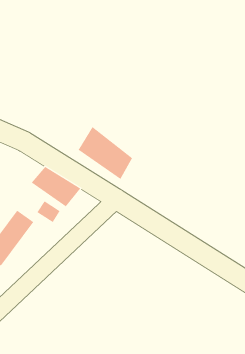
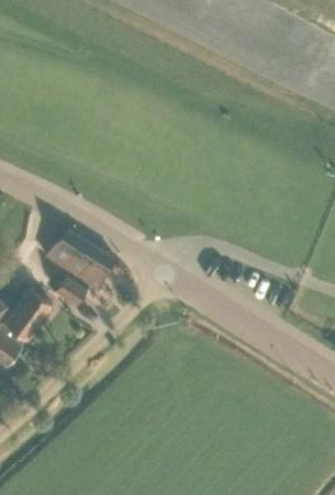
building: [78,126,133,180] -> none

